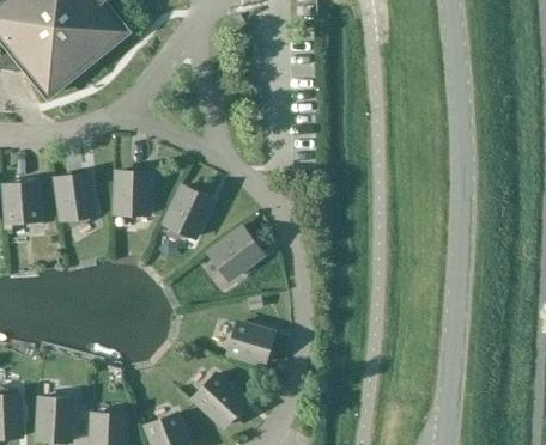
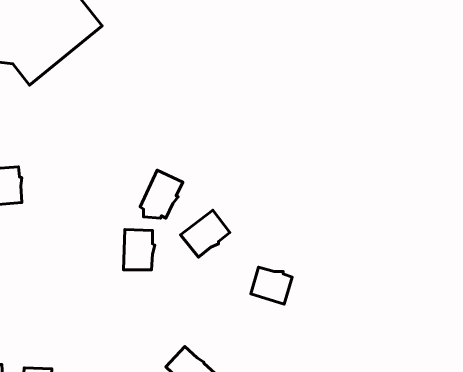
building: [116,171,150,214] -> [124,229,155,270]
building: [56,173,92,227] -> none
building: [228,323,272,362] -> [251,267,292,304]

